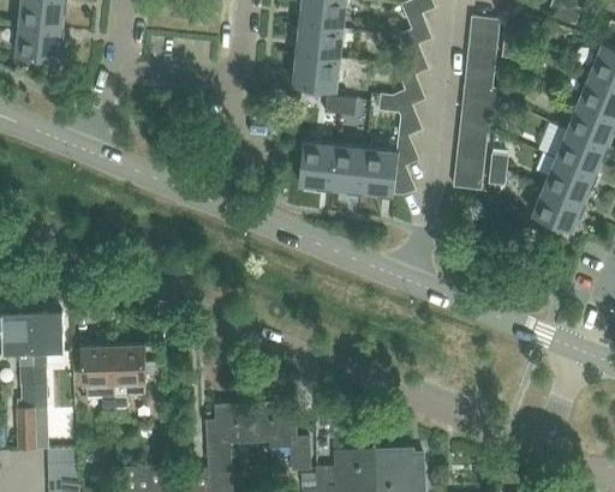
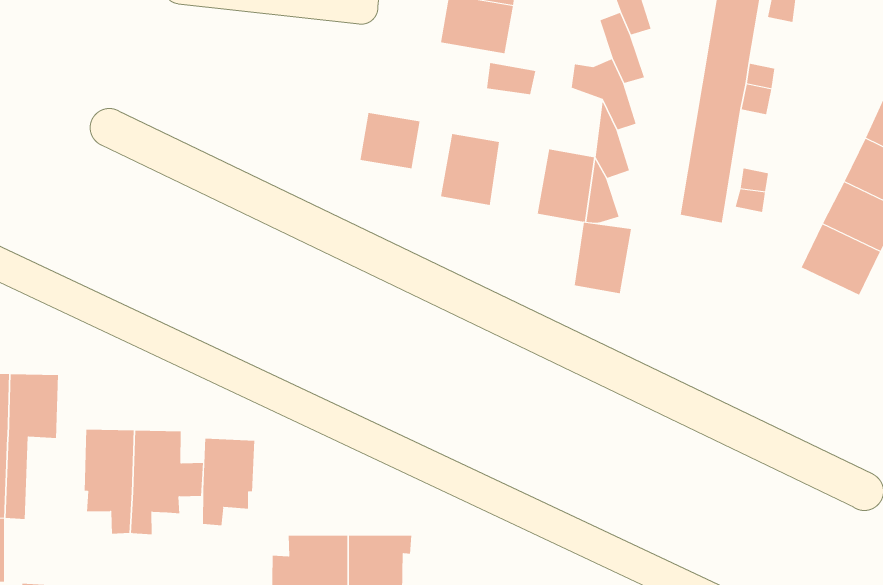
building: none -> [360,112,420,169]
building: [332,148,366,192] -> [574,222,632,294]
building: none -> [203,438,255,526]

